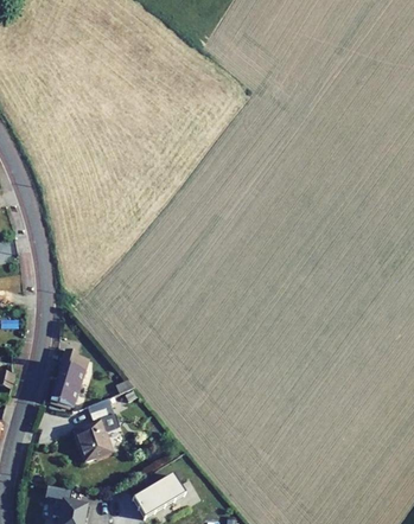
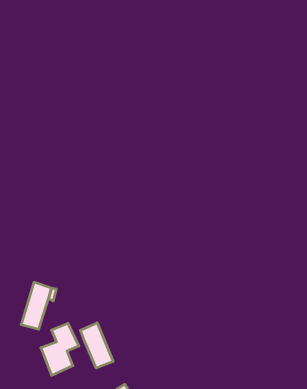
building: none -> [80,323,113,368]

